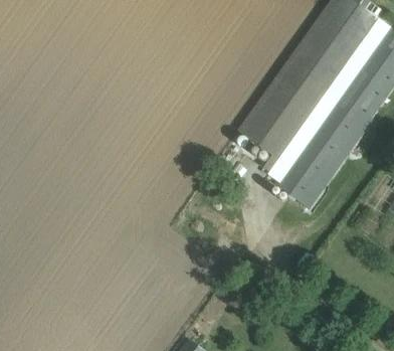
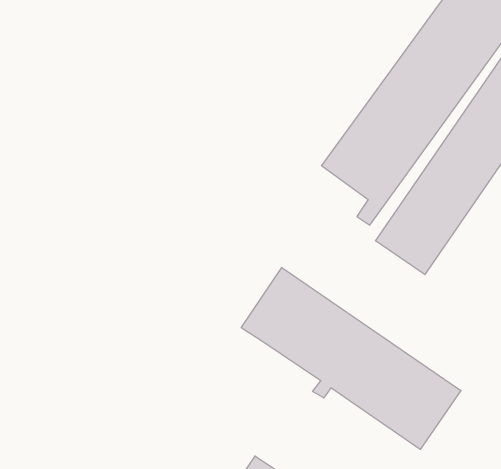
building: none -> [241,267,461,449]

